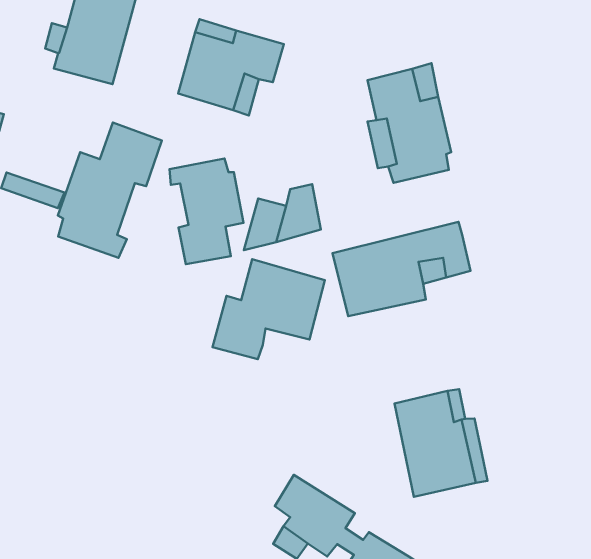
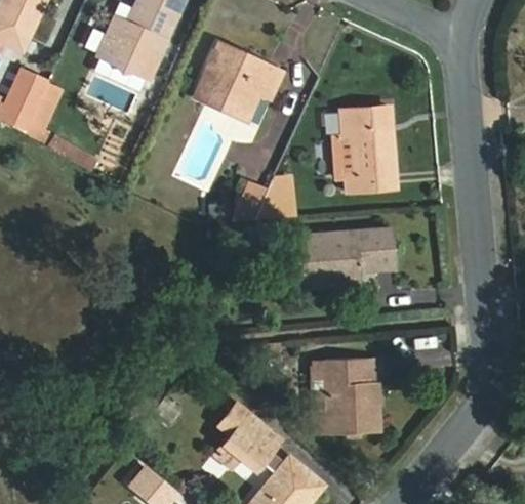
building: [58,122,162,258] -> none
building: [169,158,244,264] -> none
building: [212,259,325,359] -> none

